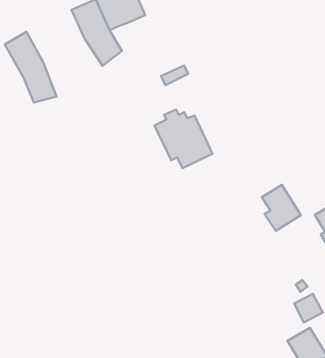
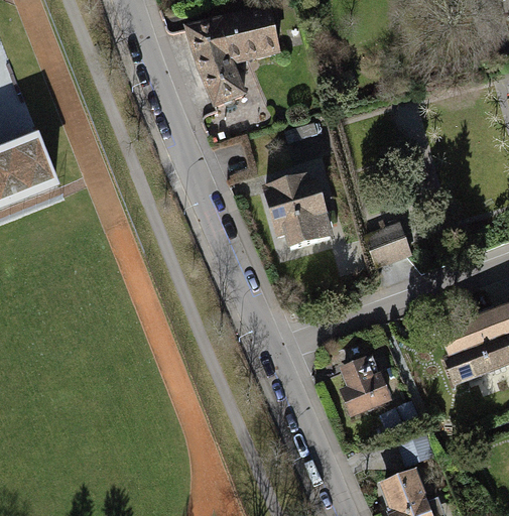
building: [5,32,57,102] -> none
building: none -> [367,222,410,262]
building: [262,185,301,231] -> [344,356,388,411]

